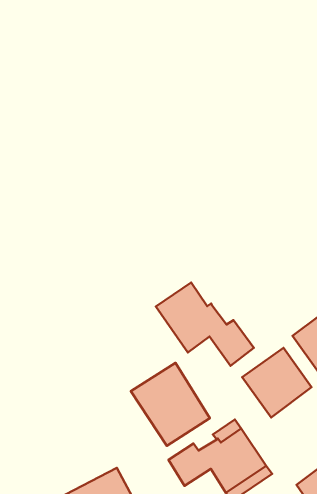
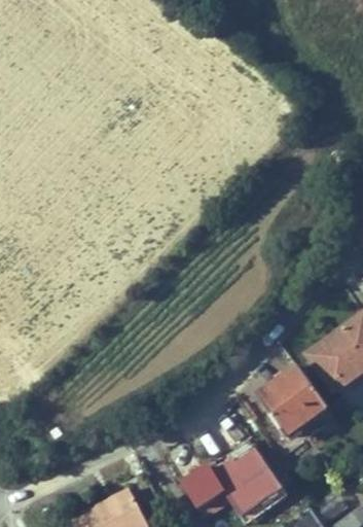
building: [156,283,254,366] -> none
building: [131,363,210,446] -> none

